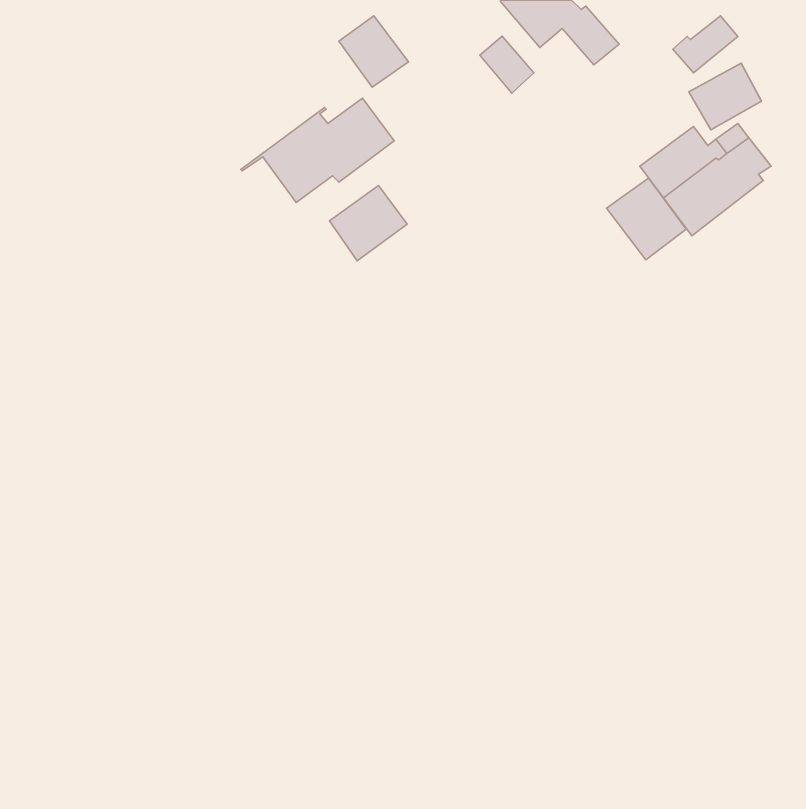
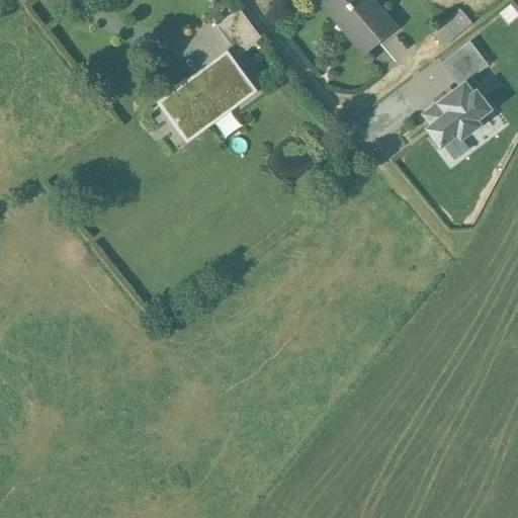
building: [480,36,534,93] -> [347,18,381,55]
building: [607,178,686,260] -> none
building: [329,186,407,261] -> none

